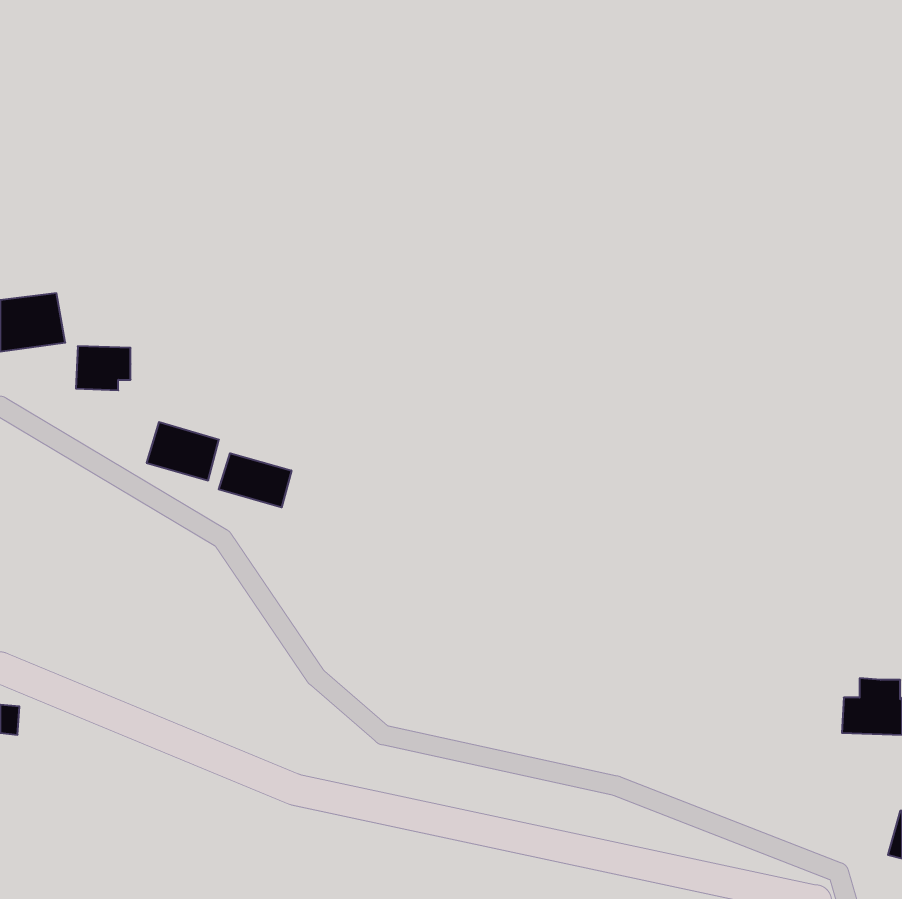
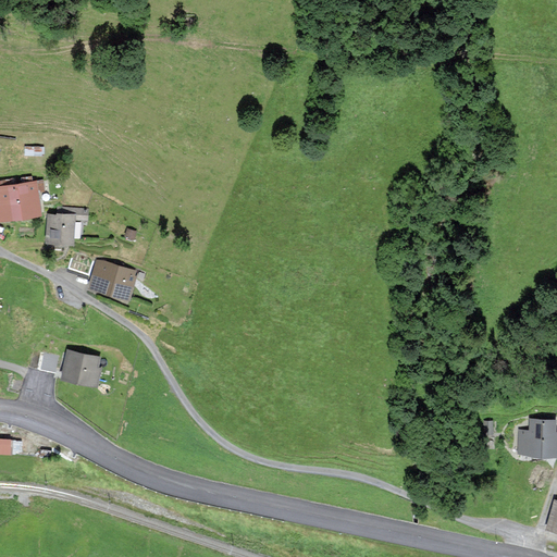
building: [219,453,291,507] -> none
building: none -> [62,351,100,385]

